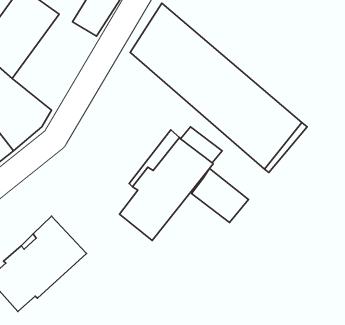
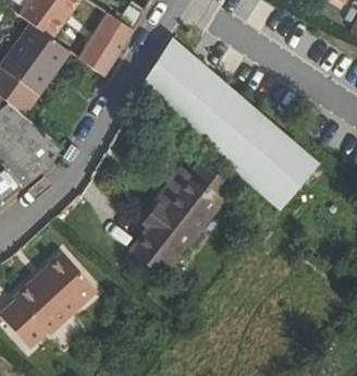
building: [191,169,248,223] -> none

